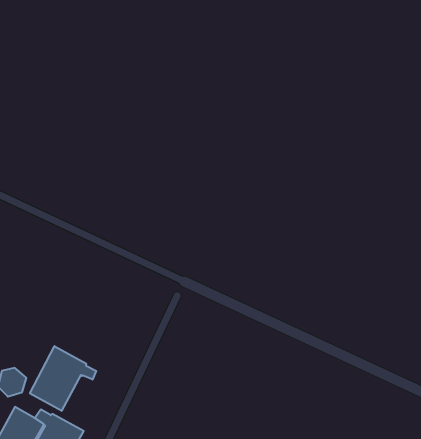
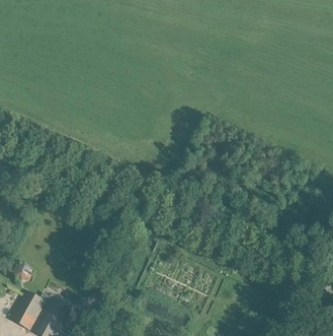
building: [30,346,96,411] -> none

